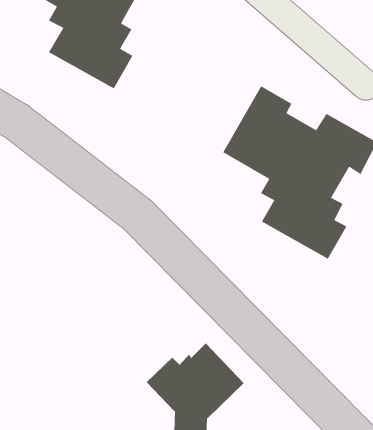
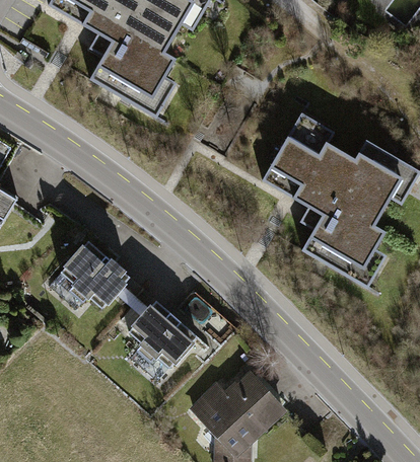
building: none -> [58,241,128,309]
building: none -> [125,296,197,367]

